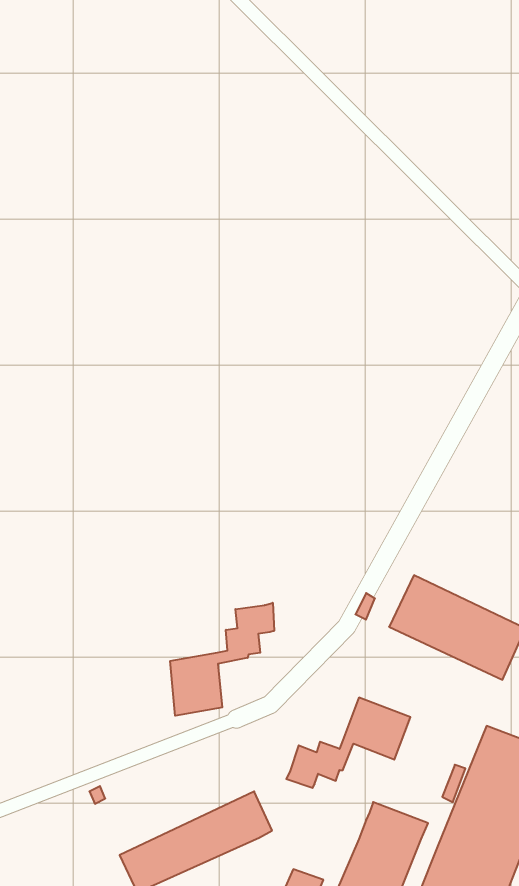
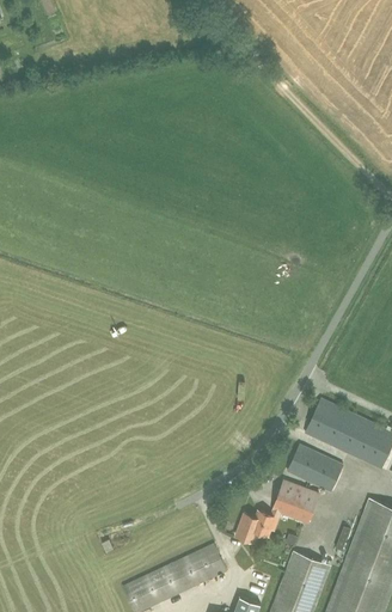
building: [170,603,274,716] -> none
building: none -> [287,443,342,491]

